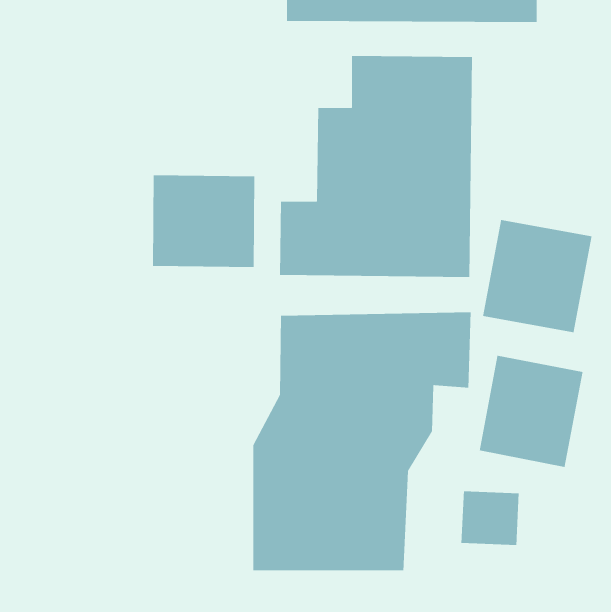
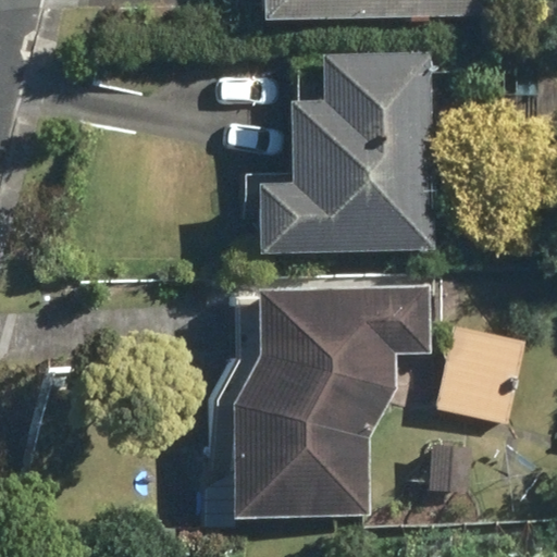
building: [152,175,255,268] -> none
building: [482,219,592,333] -> none

